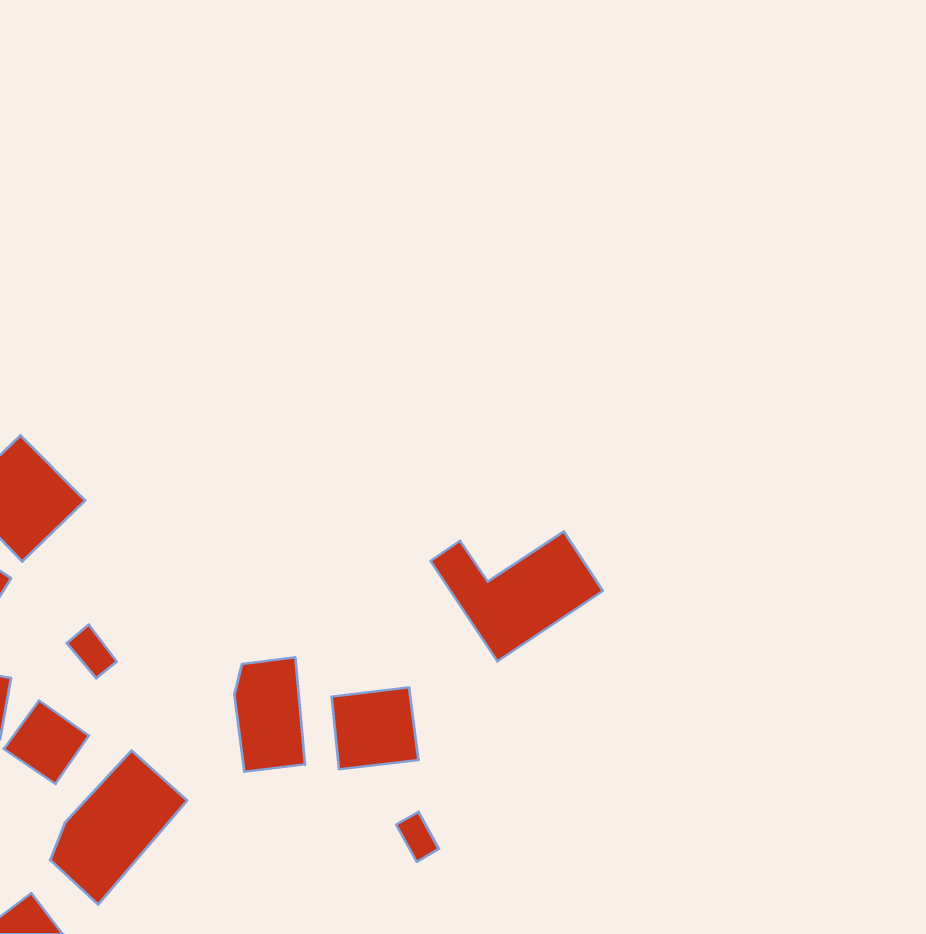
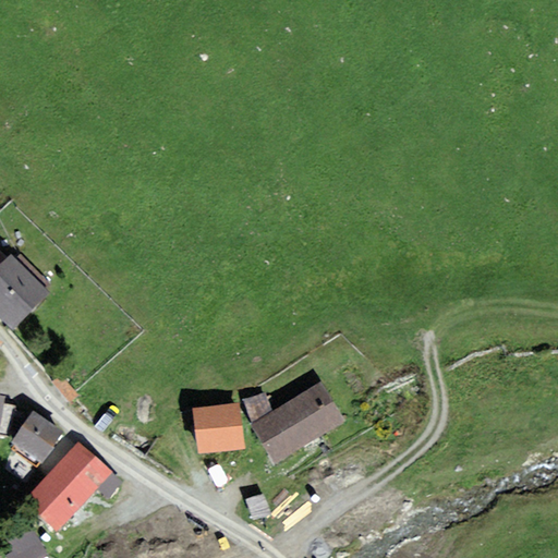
building: [431,532,603,661] -> [242,381,343,458]
building: [234,657,305,772] -> none

